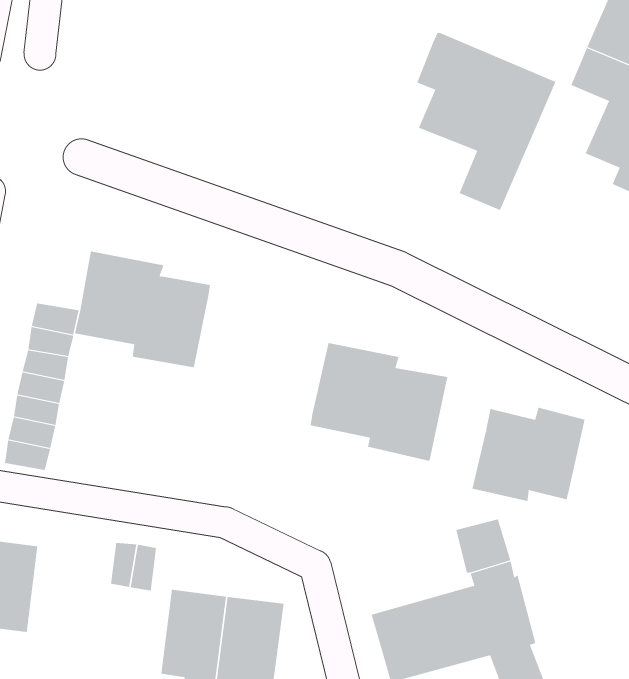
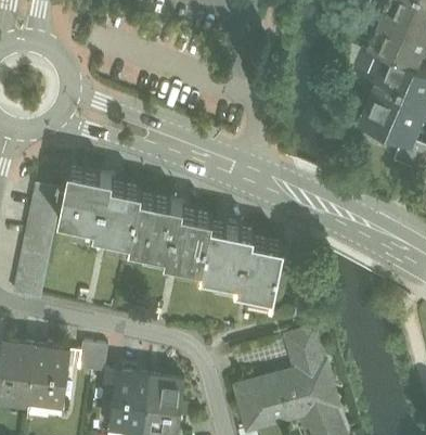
building: [417,32,556,211] -> none
building: none -> [128,197,210,269]
building: [472,407,585,502] -> none
building: none -> [27,348,69,409]

